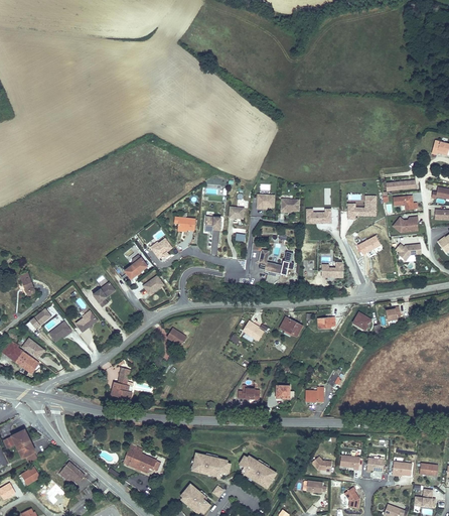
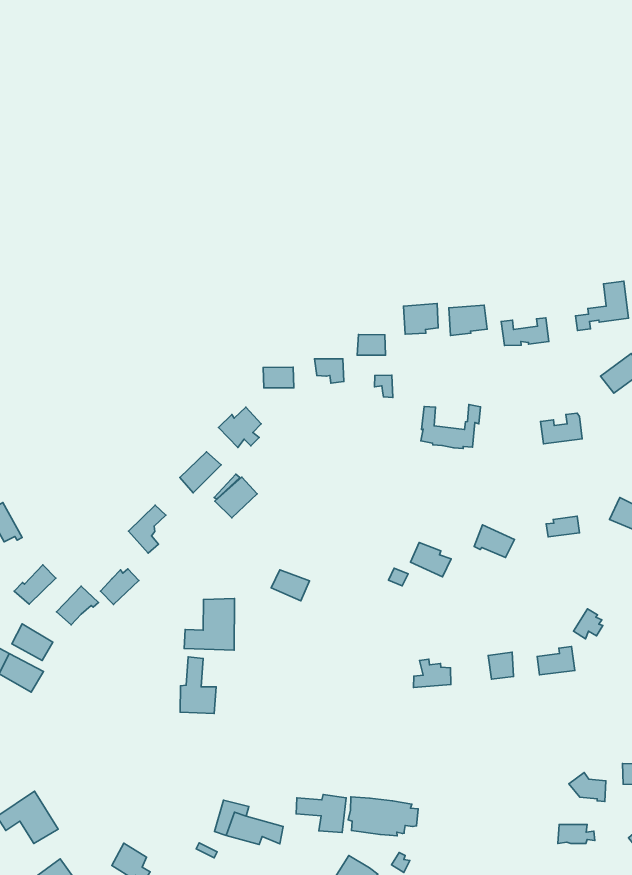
building: none -> [184,599,234,650]
building: none -> [296,794,346,832]
building: [238,456,275,487] -> none

